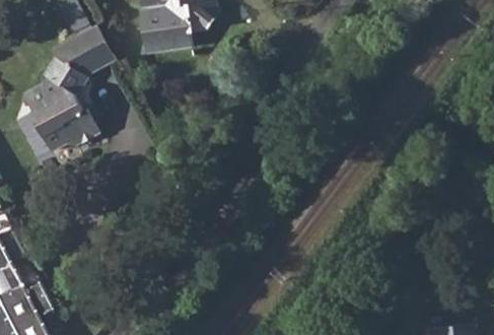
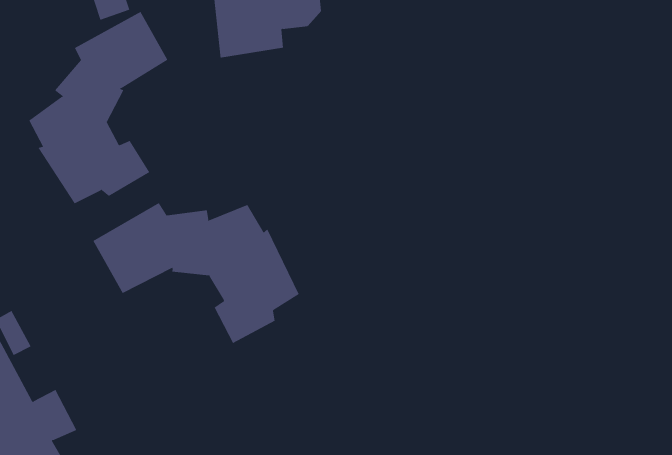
building: none -> [92,202,300,344]

